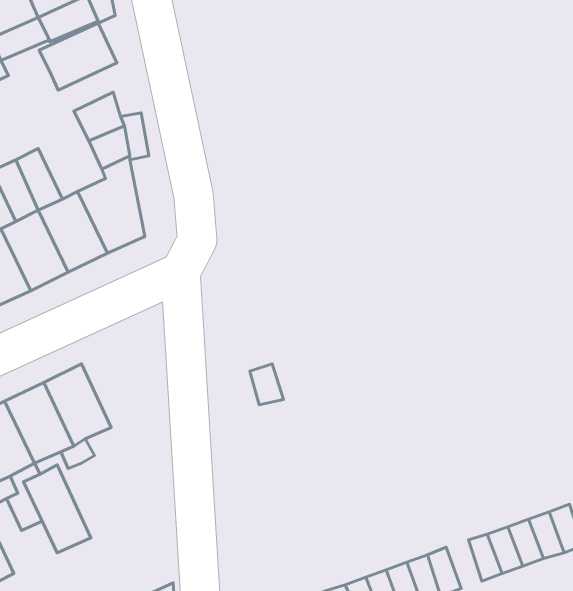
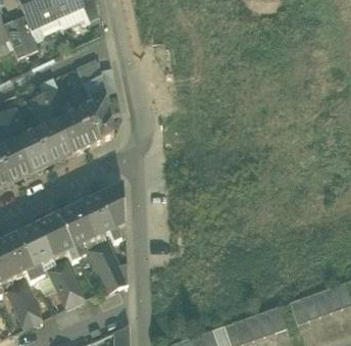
building: [39,23,117,90] -> none
building: none -> [77,184,123,242]
building: none -> [86,240,124,292]

